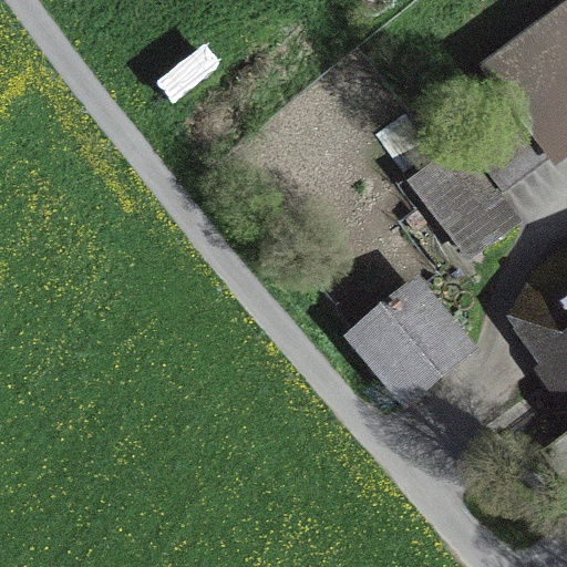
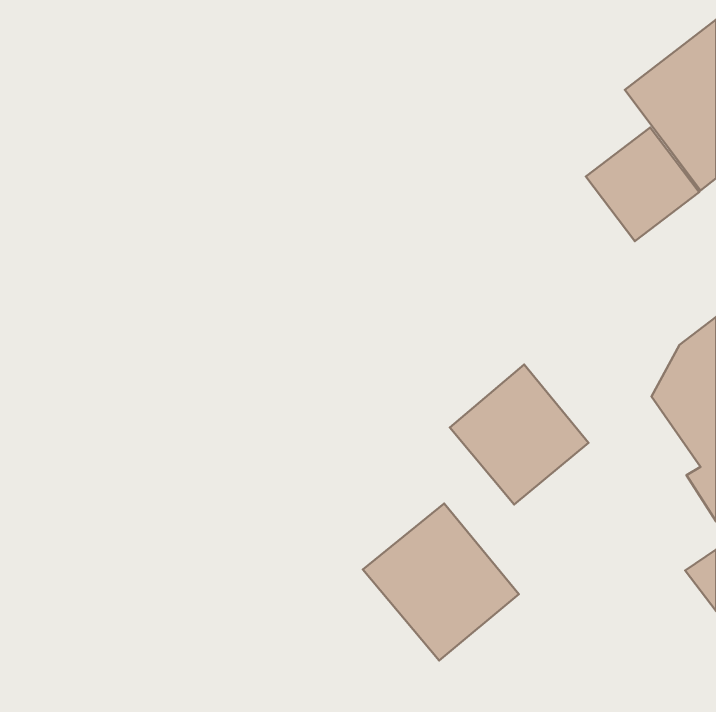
building: [415,147,514,252] -> none
building: none -> [363,504,519,661]

